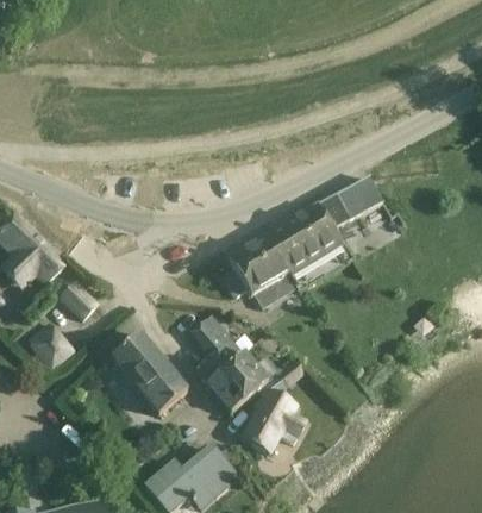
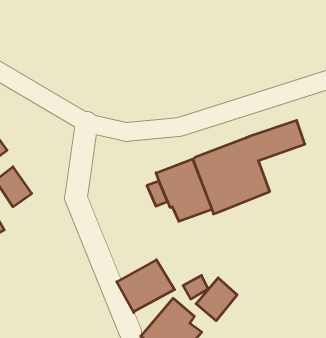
building: [189,315,244,383] -> none
building: [112,333,186,413] -> none
building: none -> [196,278,237,321]

